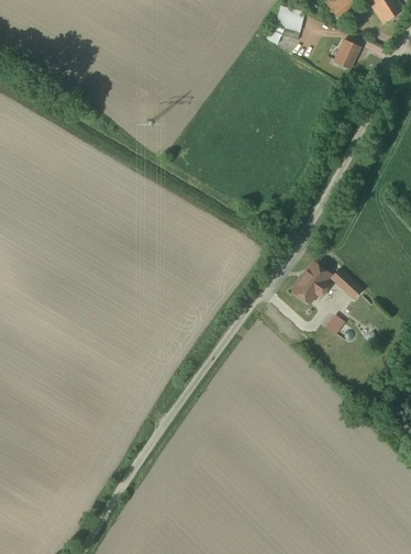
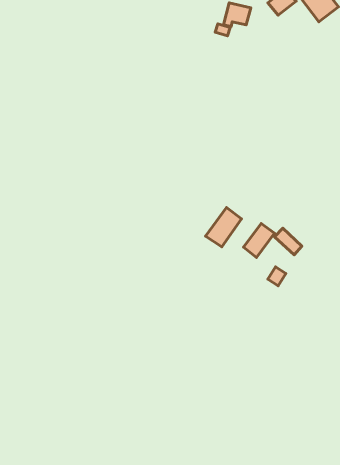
building: [334,38,362,68] -> none
building: none -> [206,208,241,247]

